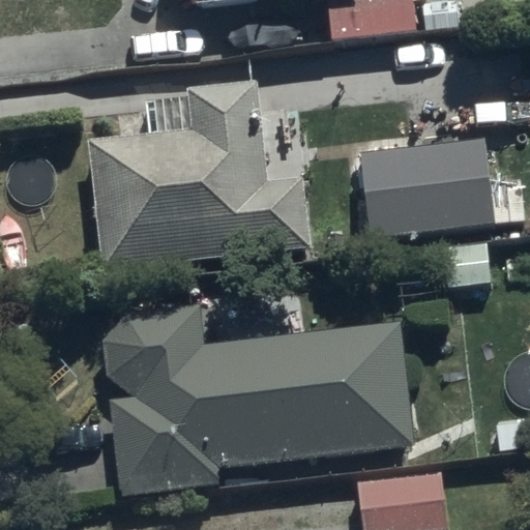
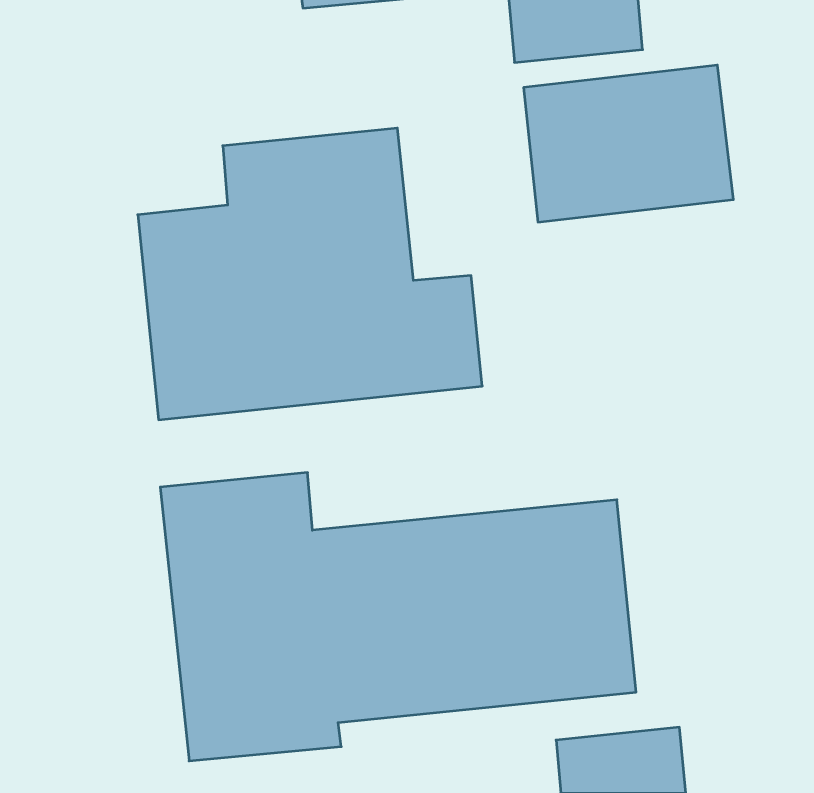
building: [360,139,496,240] -> [524,65,733,222]

